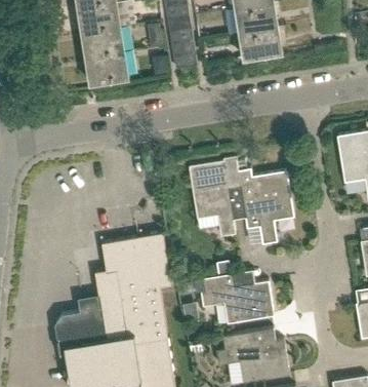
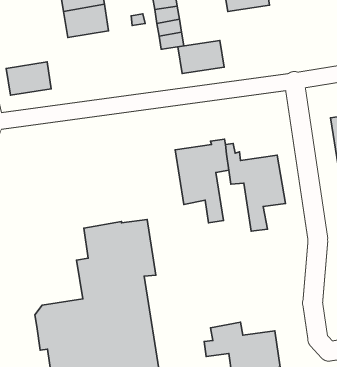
building: [238,28,282,60] -> [178,40,224,74]
building: [85,52,128,84] -> [6,62,51,95]
building: [199,274,273,323] -> none

